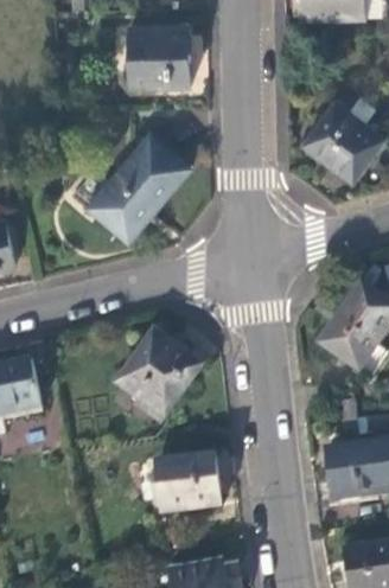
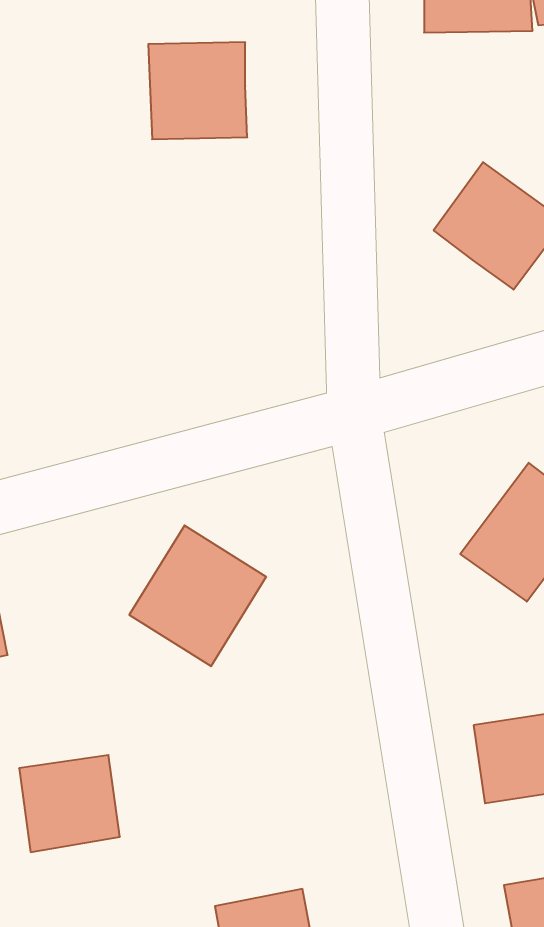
building: [88,136,186,241] -> none
building: [157,450,219,511] -> [19,755,120,852]

